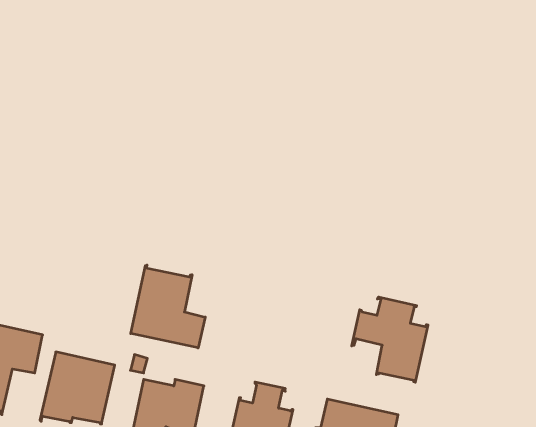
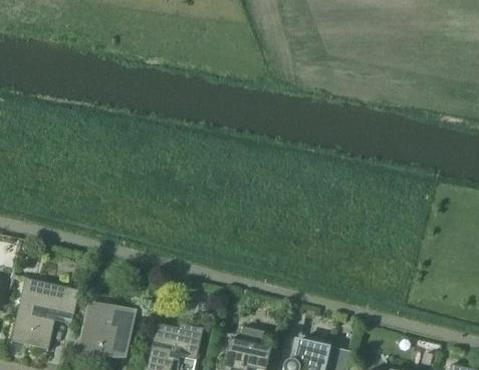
building: [131,265,205,348] -> none
building: [352,297,428,382] -> none

